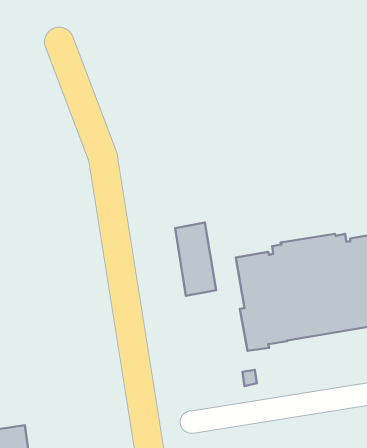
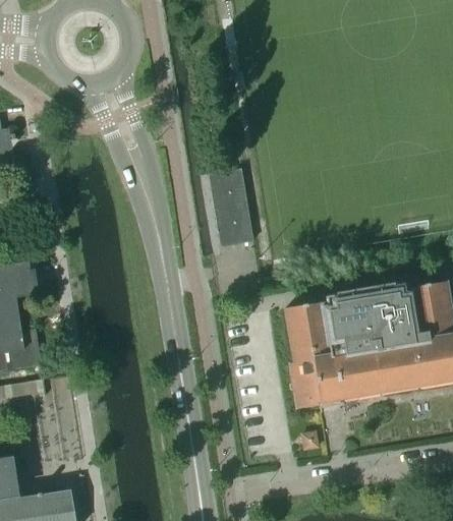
building: [175,223,216,296] -> [207,168,250,246]

